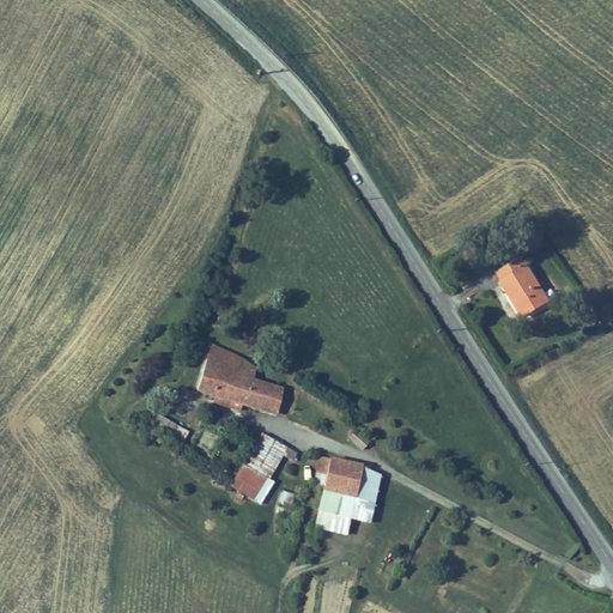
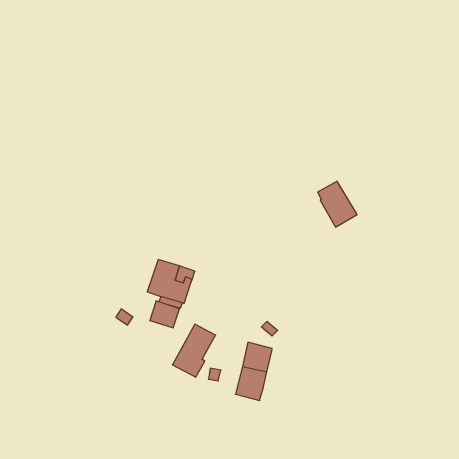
building: [499,259,552,320] -> [318,181,357,227]
building: [245,378,285,414] -> [150,301,179,328]
building: [351,466,381,522] -> none

